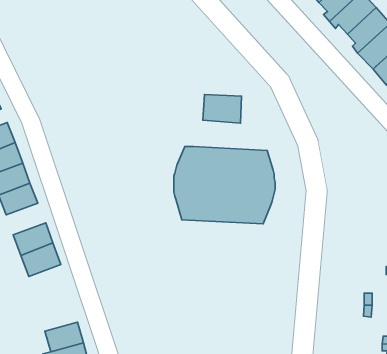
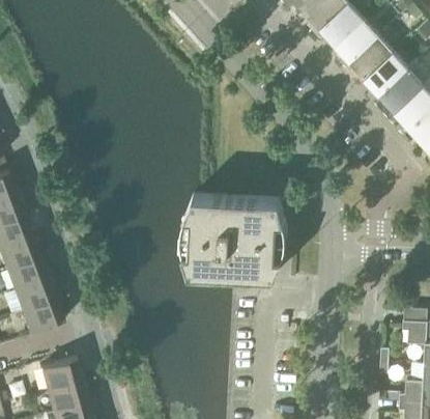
building: [203,94,241,123] -> none
building: none -> [7,254,49,287]
building: none -> [41,357,82,388]

